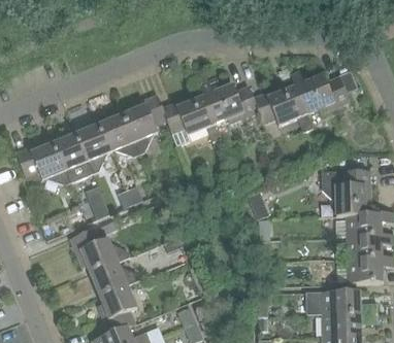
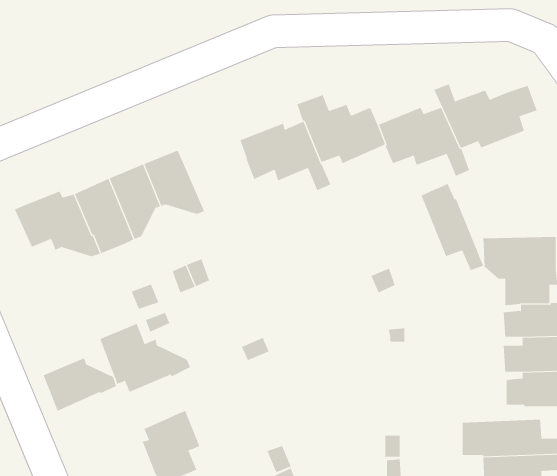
building: [122,95,166,155] -> none
building: none -> [421,183,484,271]
building: [90,262,138,297] -> [43,358,117,411]

